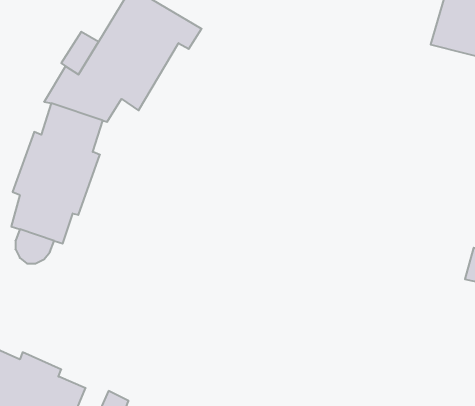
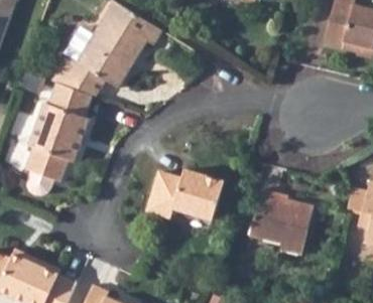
building: none -> [146,170,222,219]
building: none -> [247,189,313,257]

